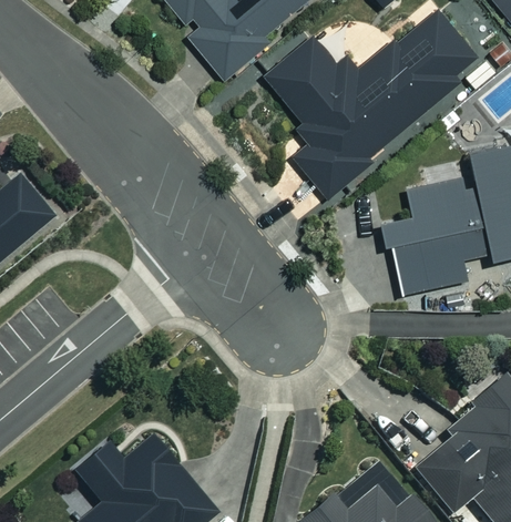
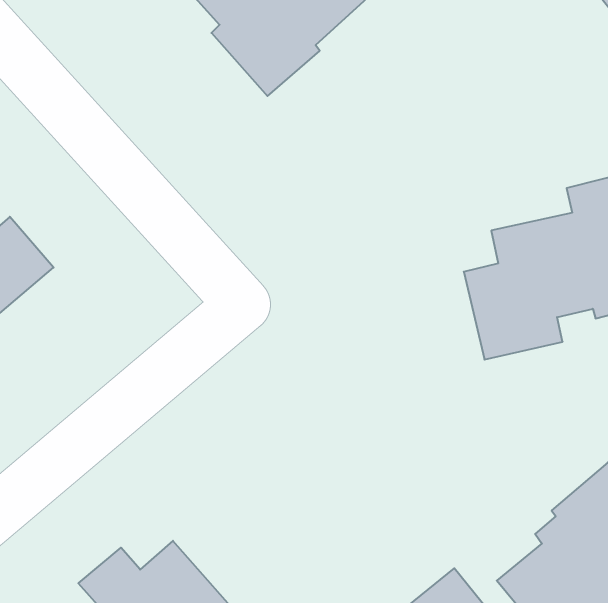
building: [267,9,478,199] -> none

